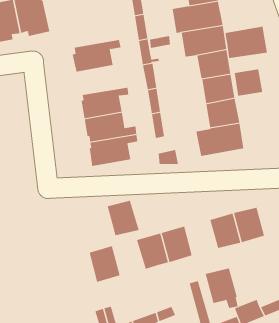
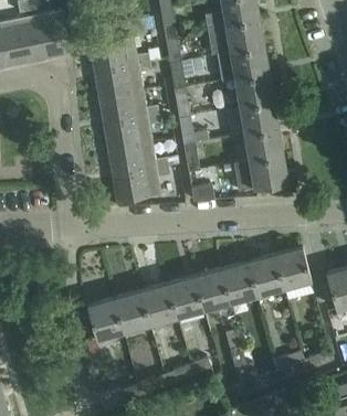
building: none -> [90,36,148,70]
building: [225,26,267,59] -> none
building: none -> [99,89,158,122]
building: [234,69,263,97] -> none
building: [107,200,140,236] -> [140,284,177,323]
building: none -> [86,298,123,339]
building: [205,268,239,308] -> [221,262,259,307]

